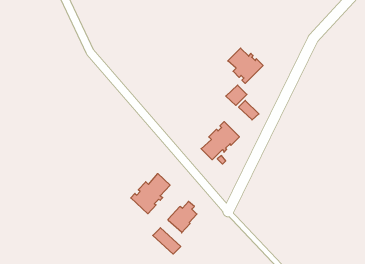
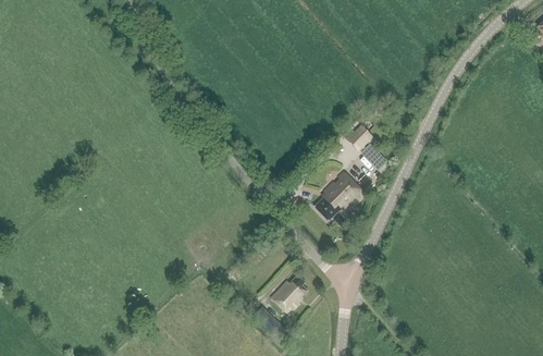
building: [228,48,263,83] -> none
building: [131,174,170,214] -> none

